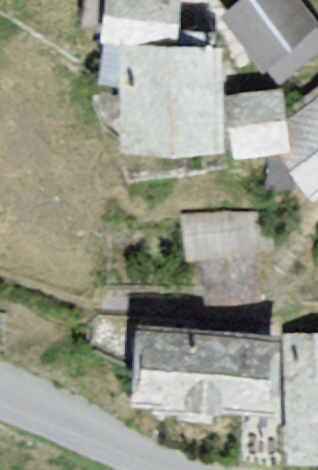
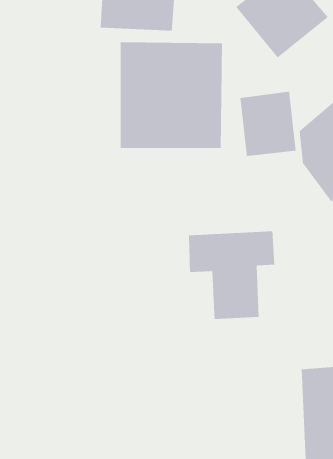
building: [140,335,274,408] -> none

